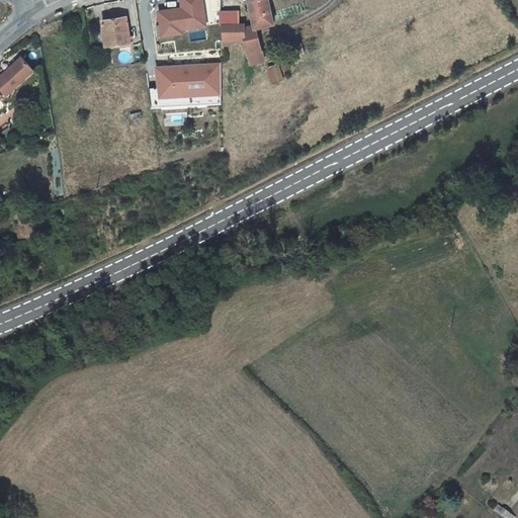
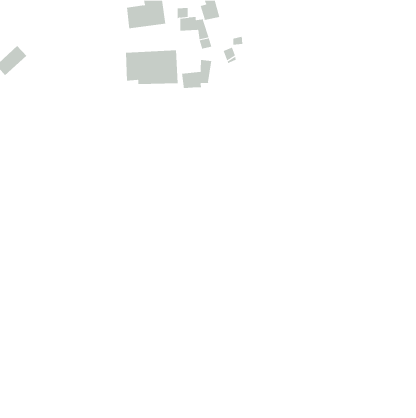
building: [106,19,133,45] -> none
building: none -> [181,59,212,89]

